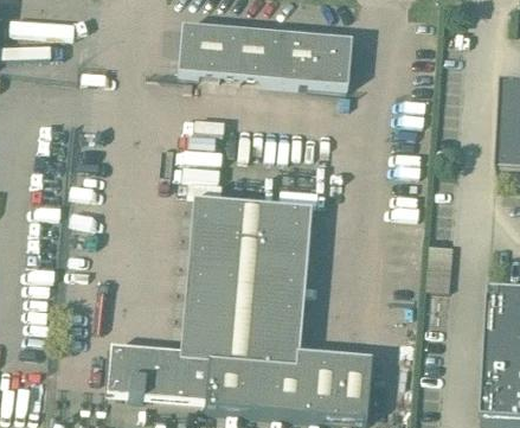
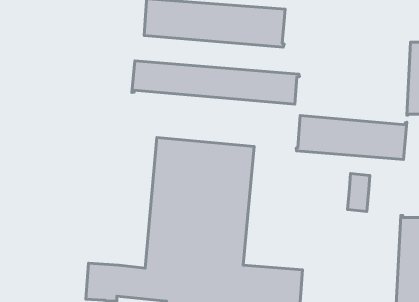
building: none -> [132,61,299,104]
building: none -> [296,116,407,160]

